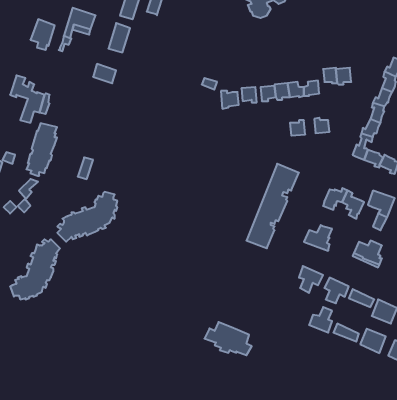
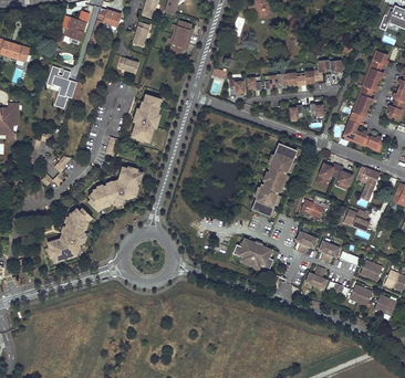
building: none -> [170,21,191,54]
building: [26,123,57,176] -> [133,95,159,140]
building: [204,322,252,355] -> [232,239,273,267]

